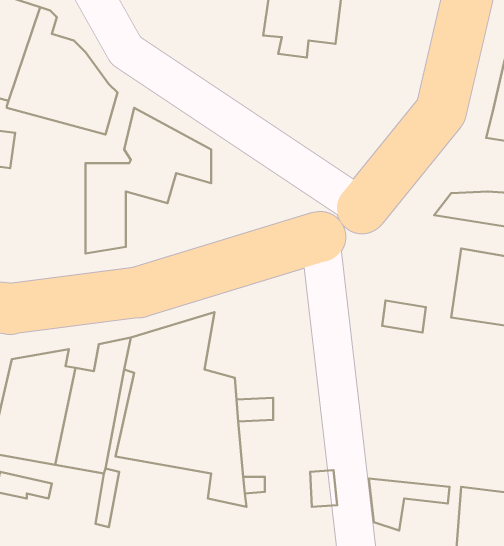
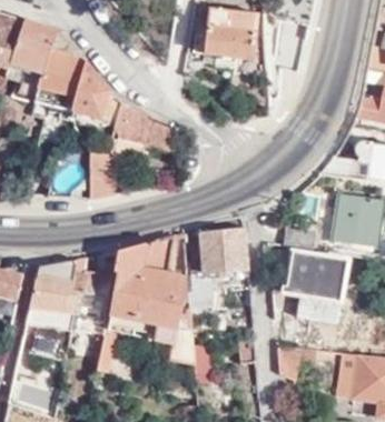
building: none -> [195,227,247,273]
building: none -> [279,251,347,310]

